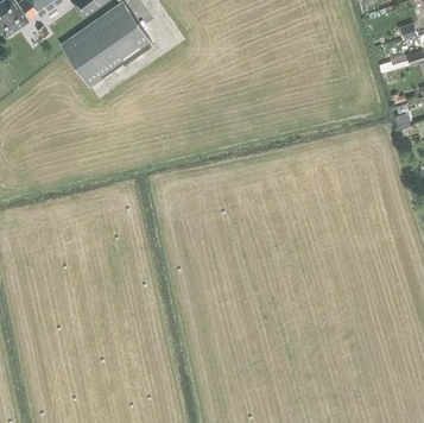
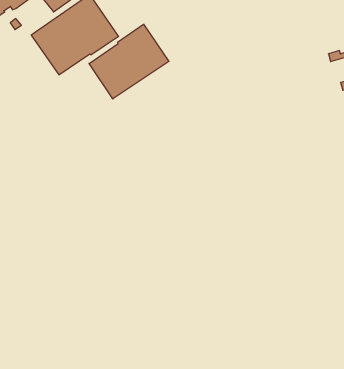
building: none -> [89,24,169,99]

